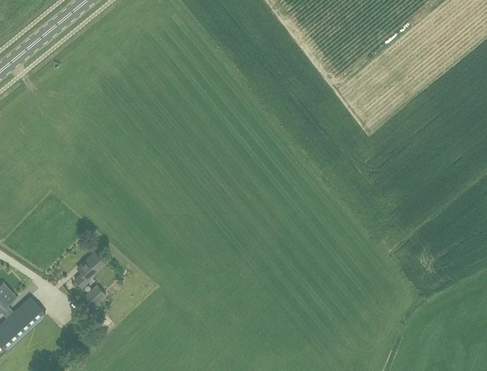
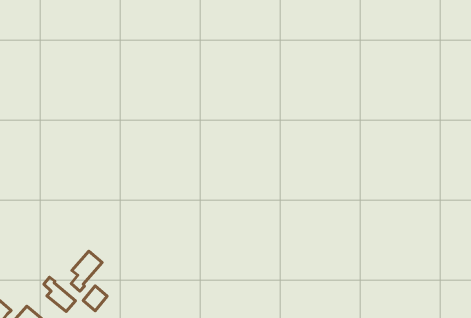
building: none -> [44,277,75,312]

